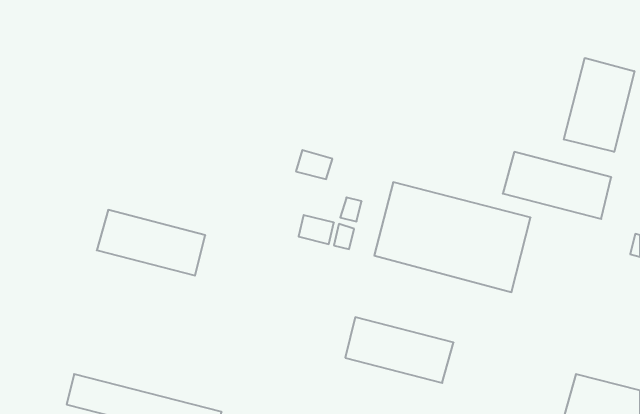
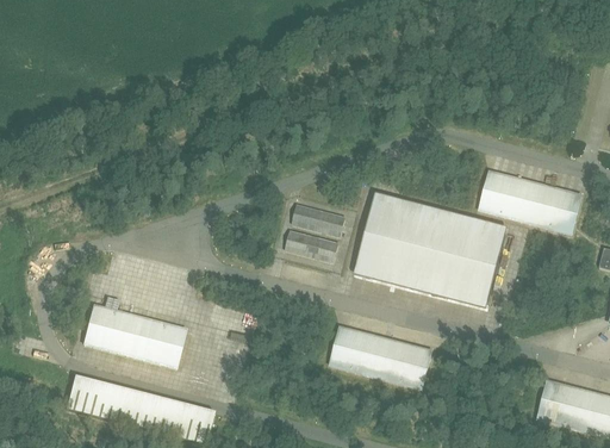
building: [564,58,634,152] -> none
building: [296,150,332,179] -> [291,203,325,230]
building: [97,210,205,276] -> [82,304,185,366]

